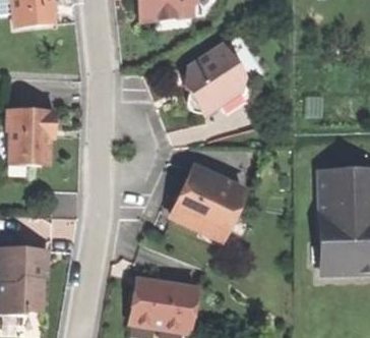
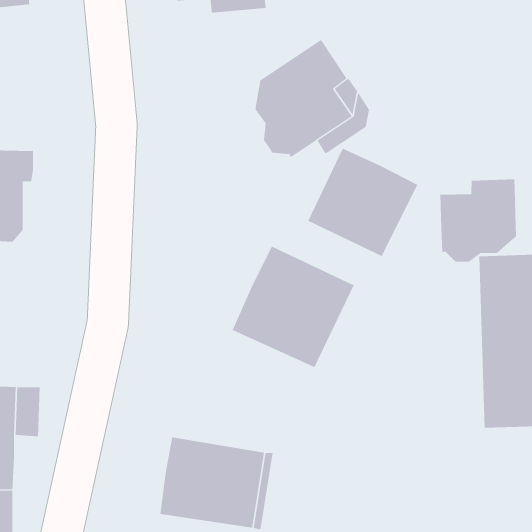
building: none -> [307,148,418,257]
building: none -> [440,178,516,262]

